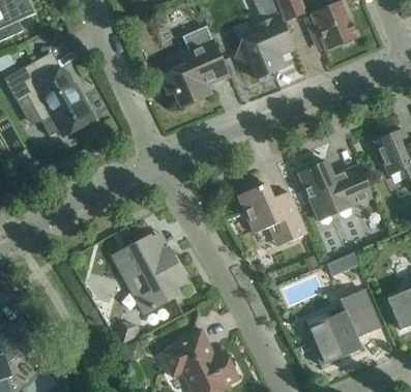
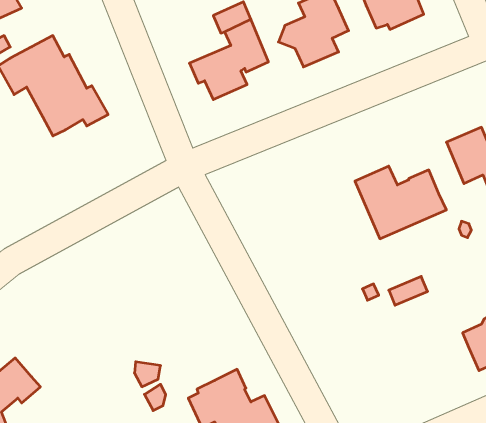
building: [238,183,309,246] -> none
building: [112,236,186,309] -> none
building: [304,289,380,365] -> none

